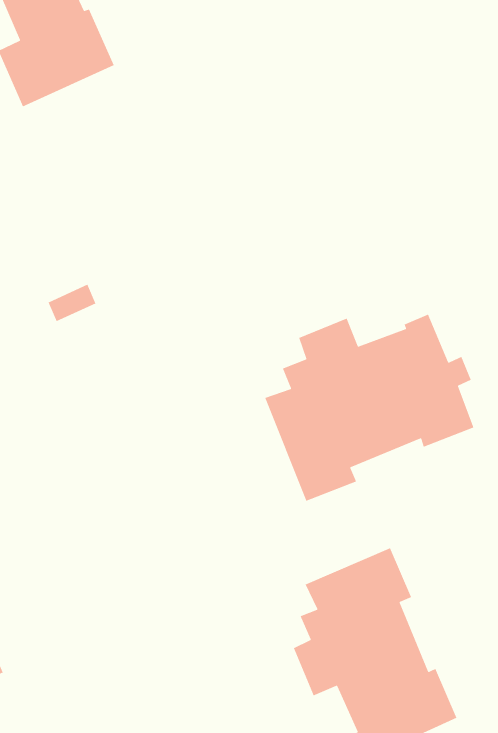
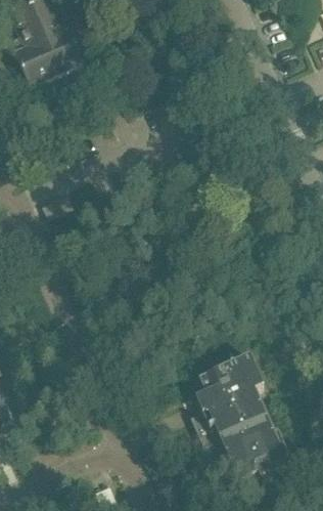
building: [264,313,475,502] -> none

